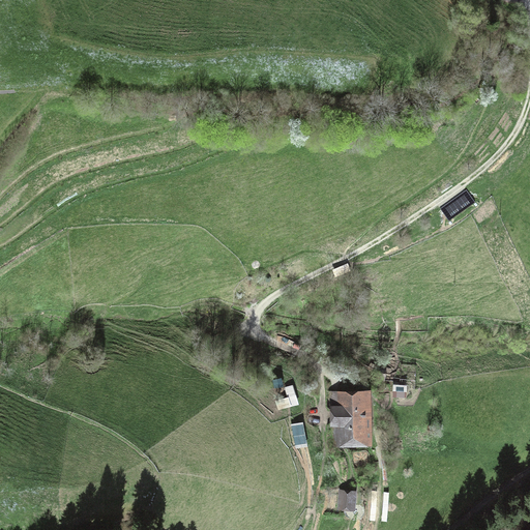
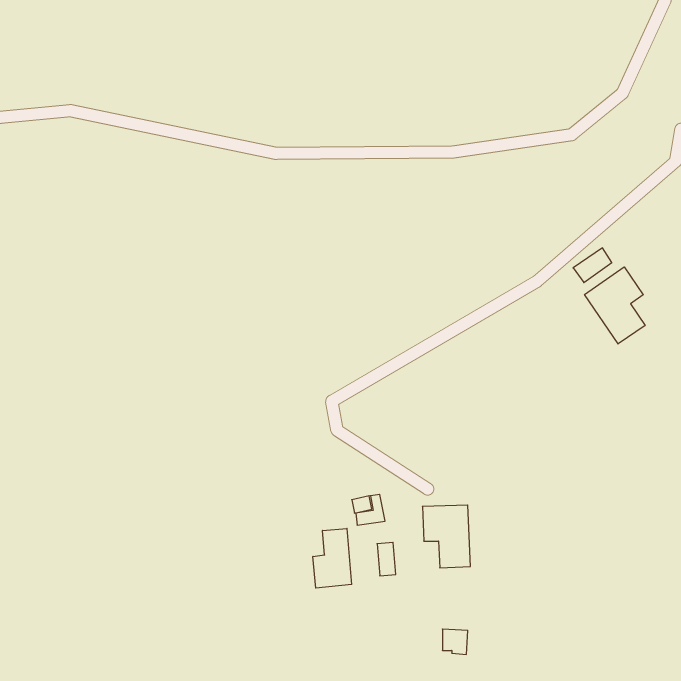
building: none -> [585,267,645,344]
building: none -> [313,528,352,588]

